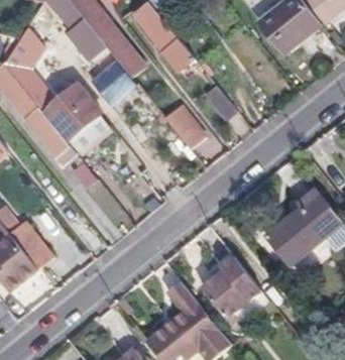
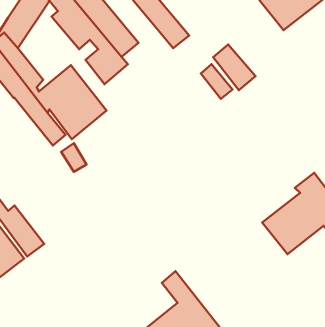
building: [162,107,203,150] -> [213,45,256,90]
building: [197,252,256,316] -> none

